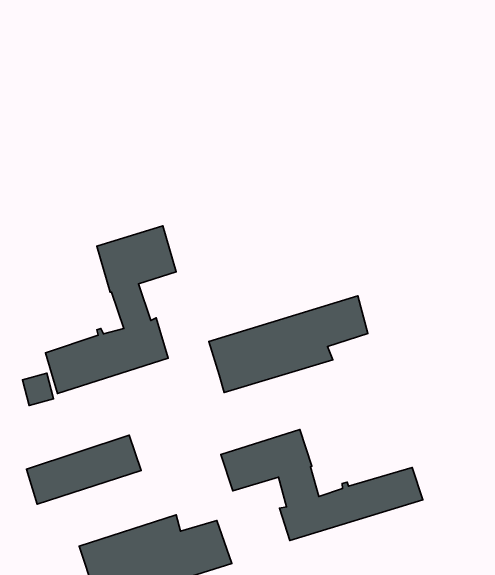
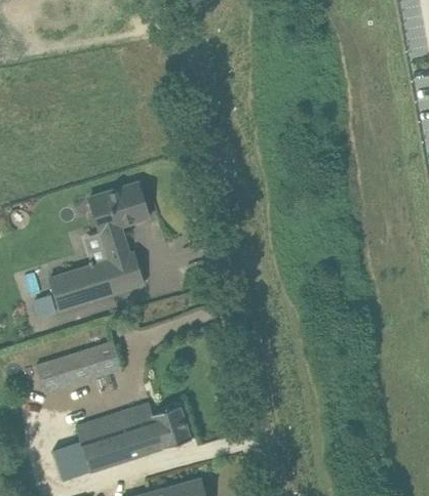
building: [209,296,368,392] -> none
building: [221,430,423,540] -> none

